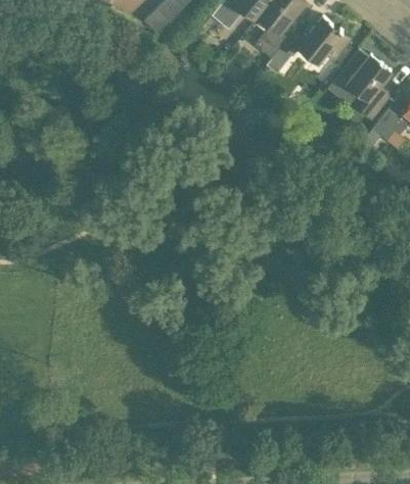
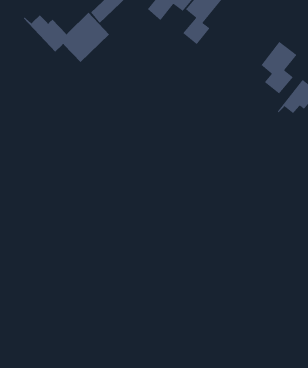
building: [281,17,354,63] -> none
building: none -> [23,12,110,63]

